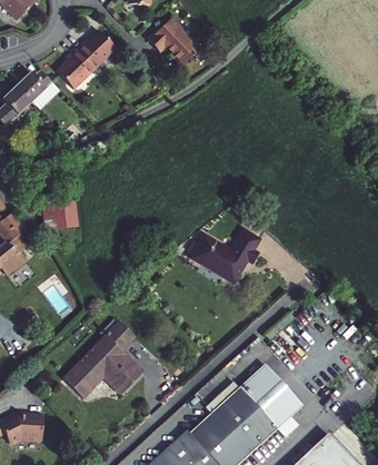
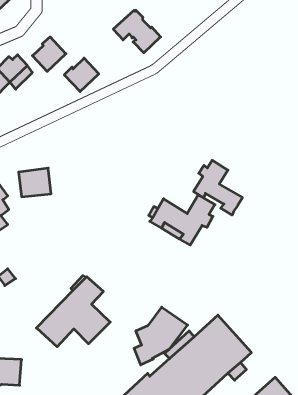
building: [76,30,115,68] -> [64,58,99,92]
building: none -> [194,160,242,215]
building: none -> [134,307,188,365]

